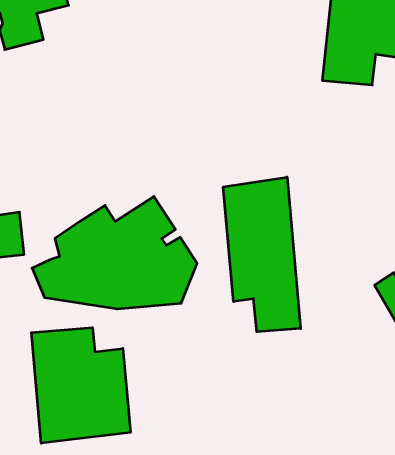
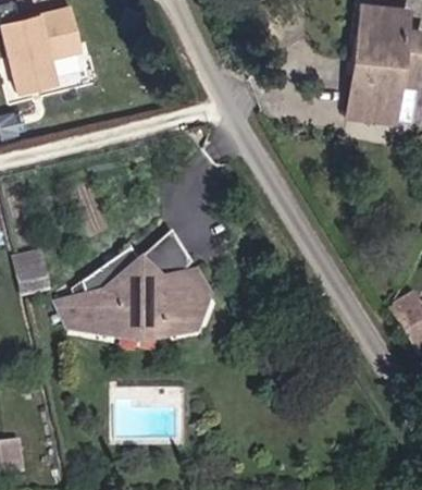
building: [223,177,301,332] -> none
building: [31,328,130,443] -> none

